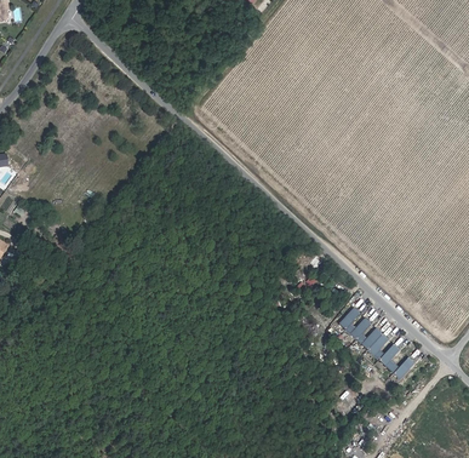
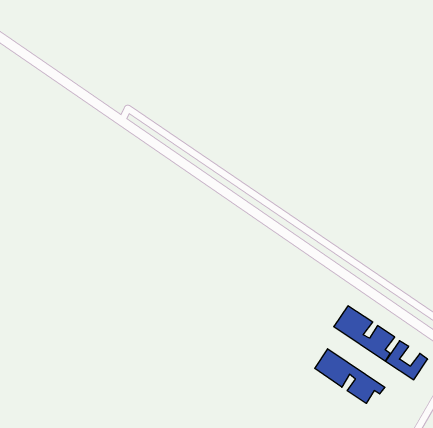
building: none -> [315,349,385,403]

